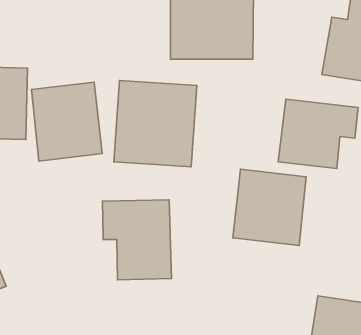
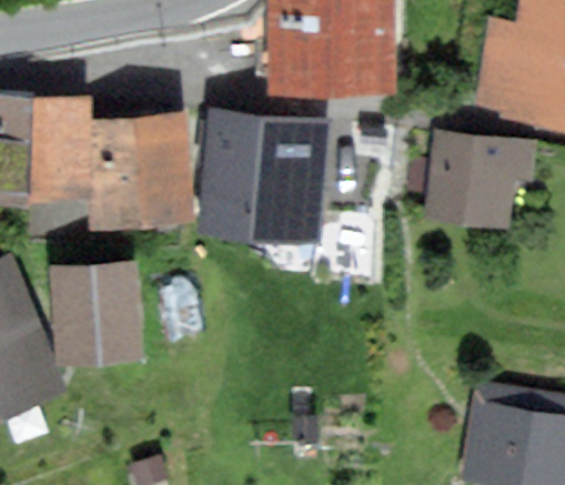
building: [233,169,306,245] -> none
building: none -> [61,267,133,361]
building: [102,200,172,280] -> none

